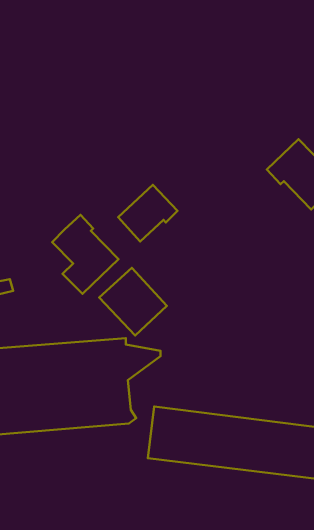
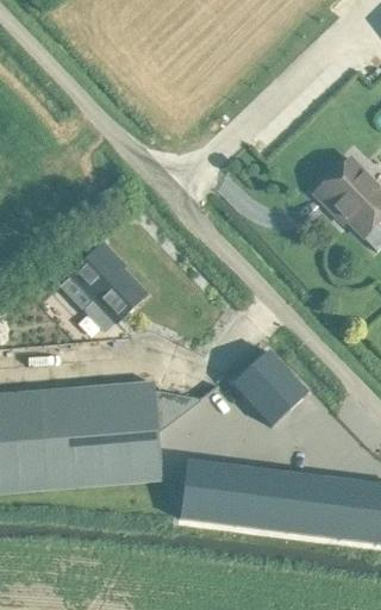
building: [118,185,177,242] -> none
building: [99,268,167,335] -> [232,350,308,427]

